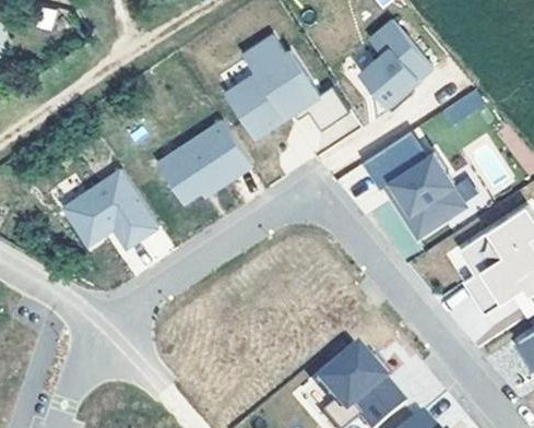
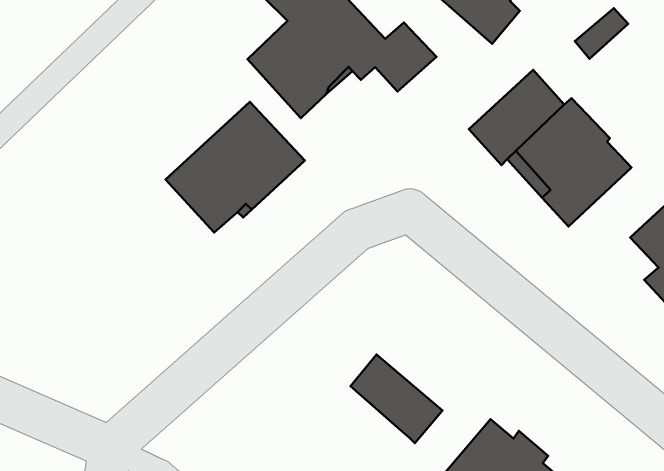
building: [66,168,161,249] -> none
building: none -> [351,354,443,443]

